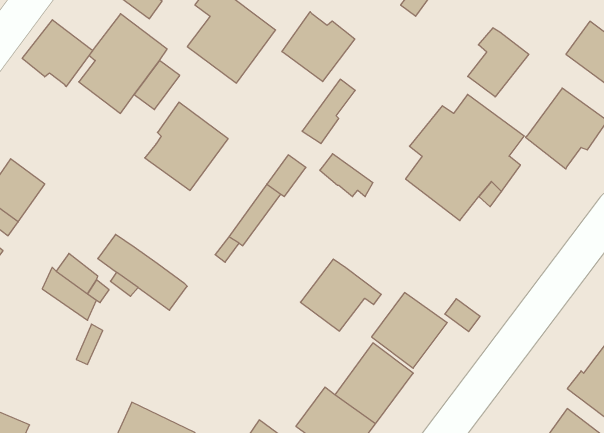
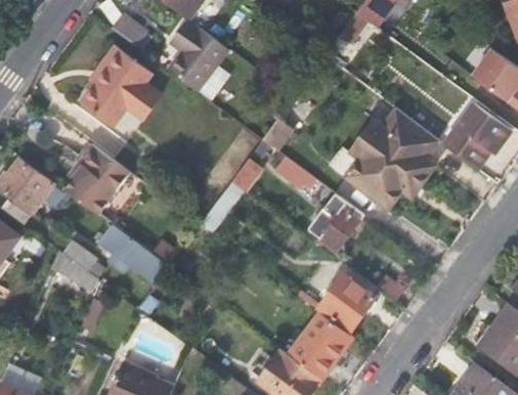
building: [282,12,355,82] -> none
building: [22,20,93,87] -> none
building: [468,28,529,97] -> none
building: [145,102,228,190] -> [63,142,131,214]
building: [300,259,381,331] -> [308,192,374,251]

